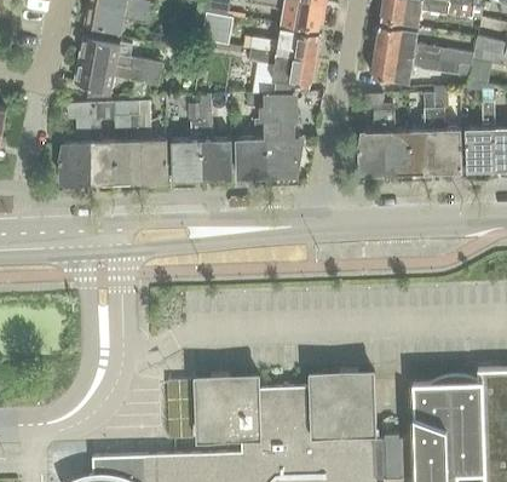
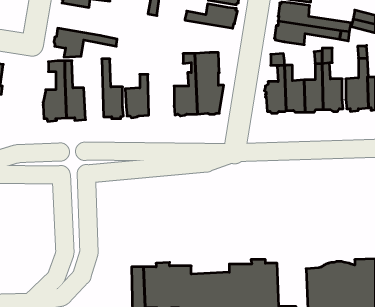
building: [80,36,162,75] -> none
building: [231,46,316,86] -> none
building: [200,94,232,178] -> none
building: [114,102,142,183] -> none

